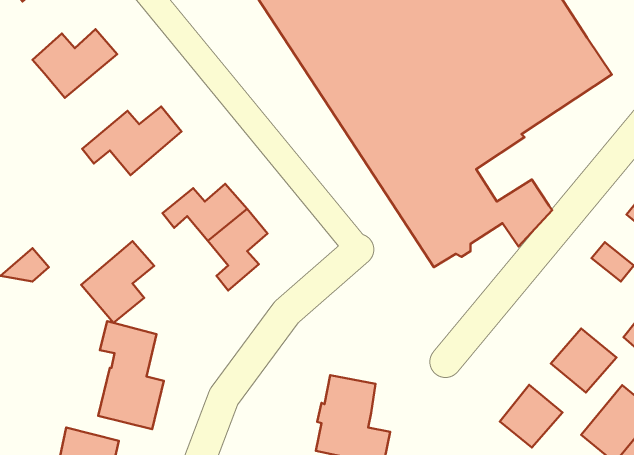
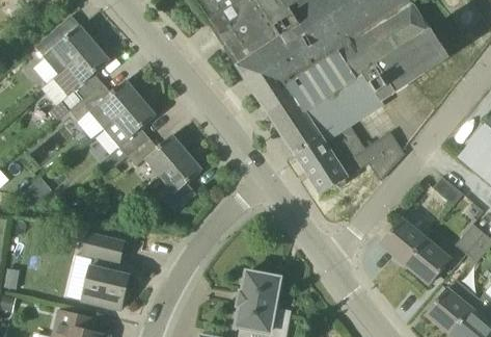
building: none -> [50,43,110,121]
building: [81,241,154,323] -> [105,98,157,156]
building: [500,385,563,448] -> [381,218,426,263]

